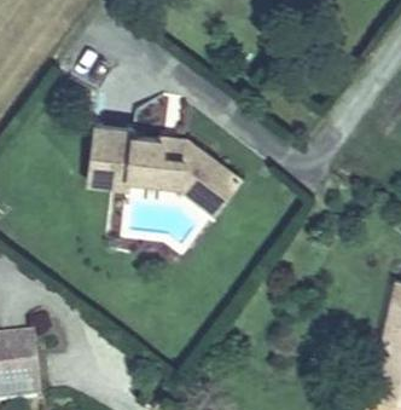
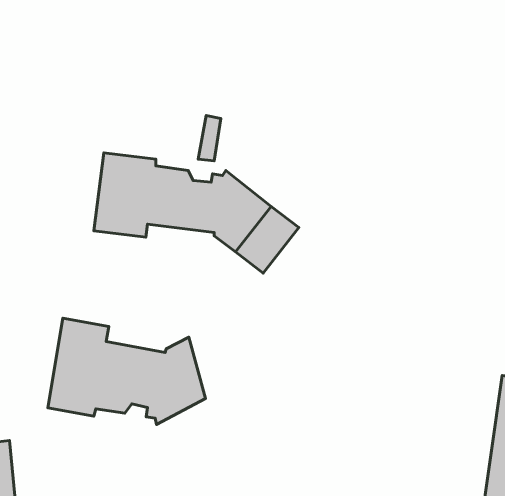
building: none -> [48,318,206,424]

